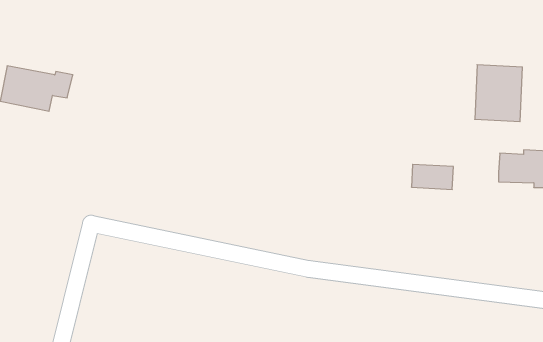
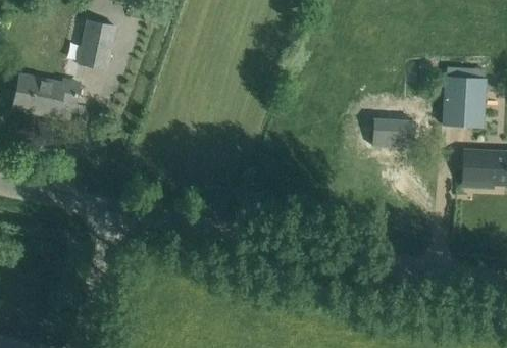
building: none -> [79,21,115,69]
building: [411,164,453,189] -> [375,117,413,140]

